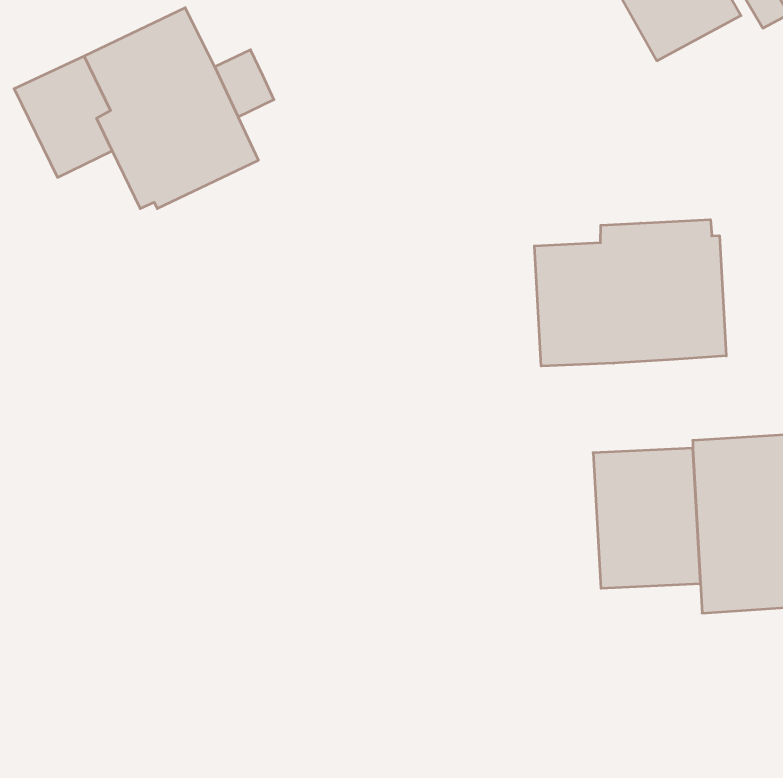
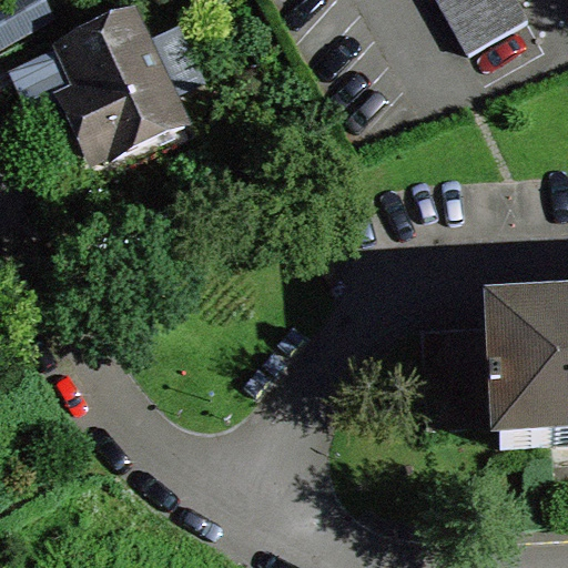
building: [534,220,726,366] -> none

